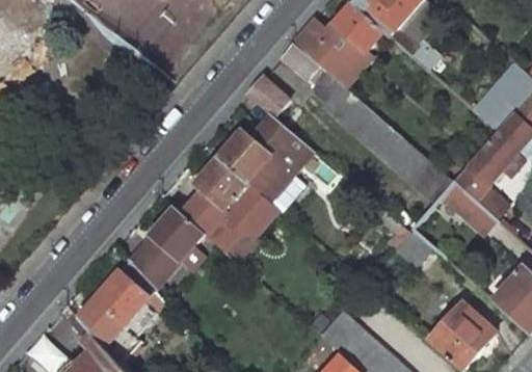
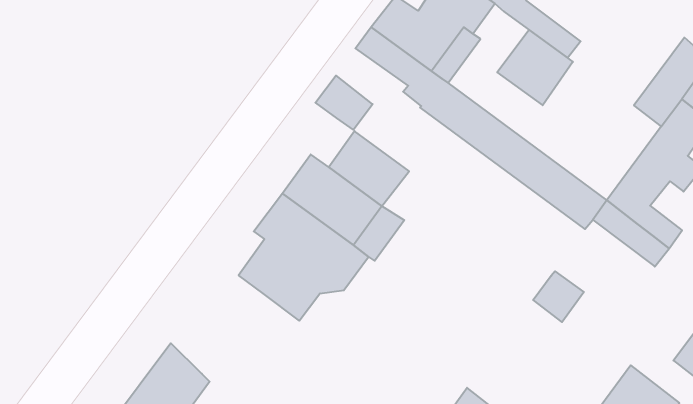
building: none -> [497,30,573,105]
building: [128,208,197,285] -> none

